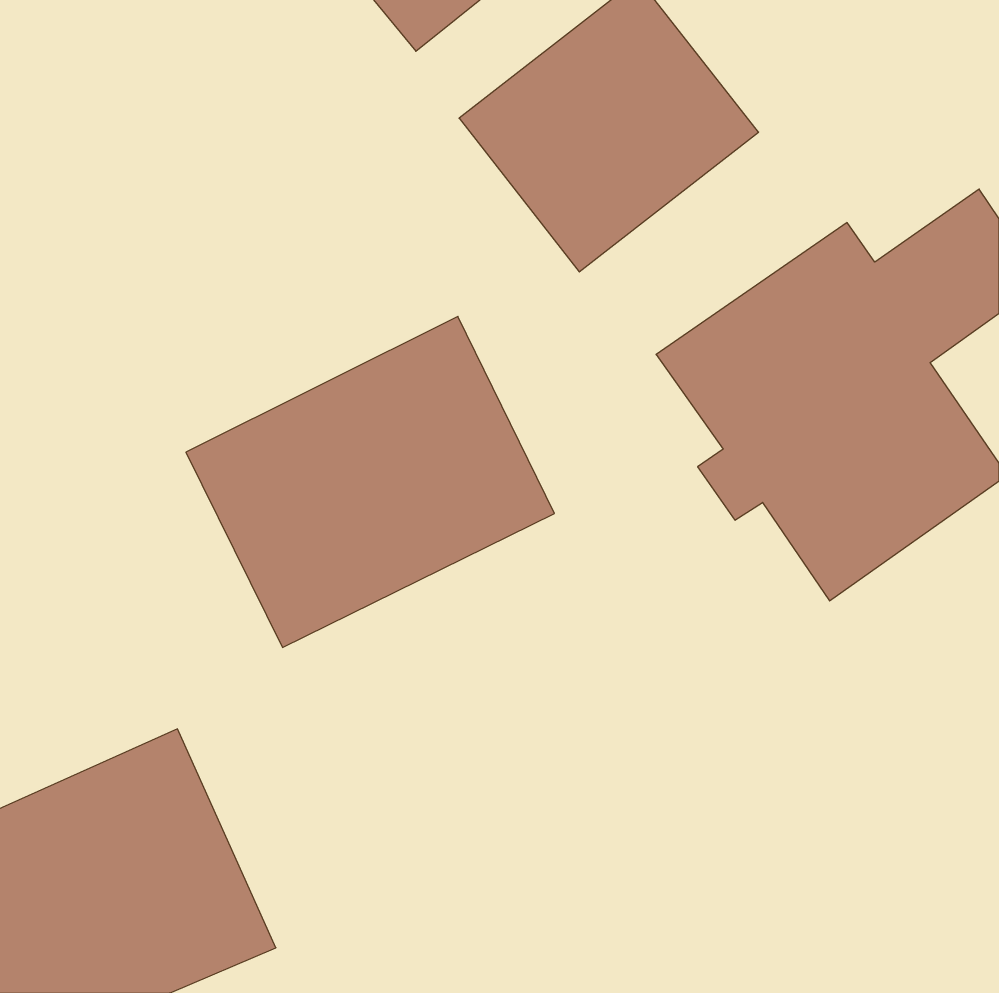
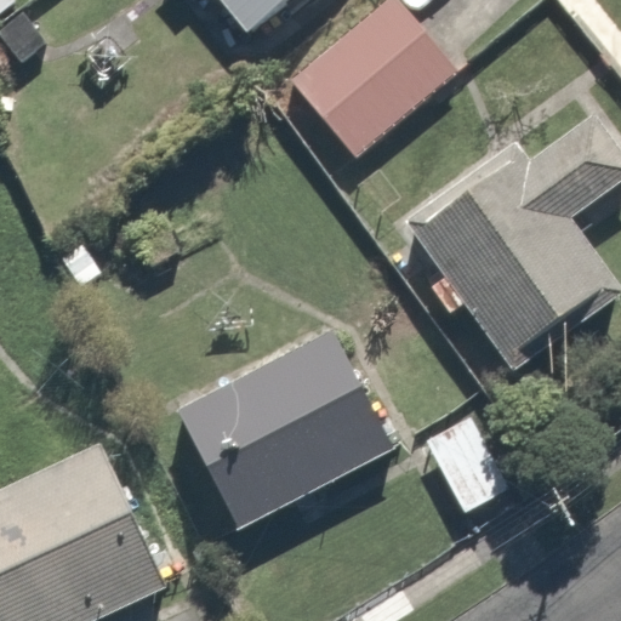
building: [186,316,554,647] -> [172,326,399,530]

